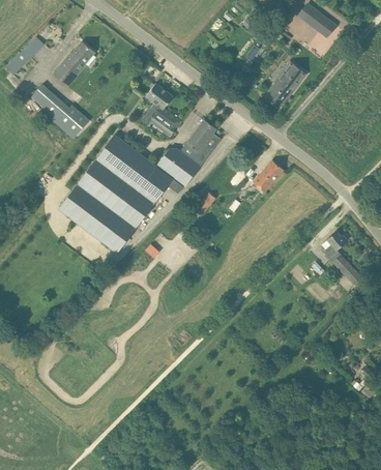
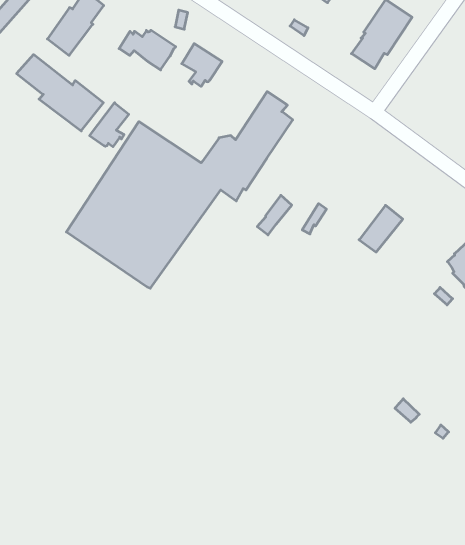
building: [142,109,181,137] -> [119,30,176,70]
building: none -> [90,103,129,147]
building: [253,159,284,192] -> [359,205,403,252]

